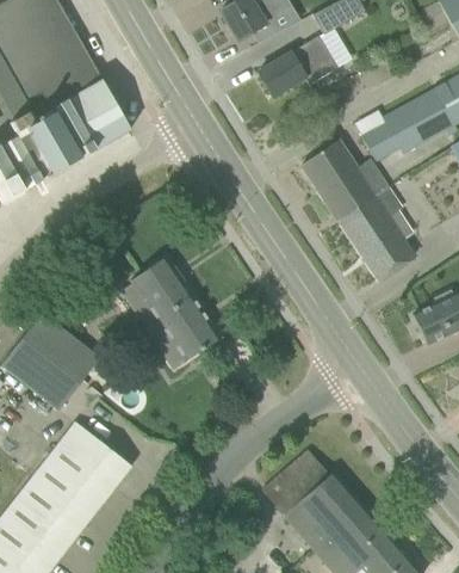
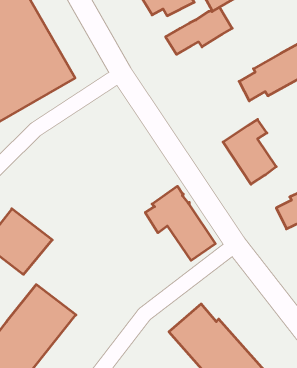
building: [302,140,389,221] -> none
building: [120,257,219,362] -> [145,186,215,260]

